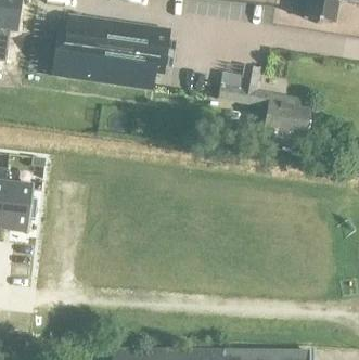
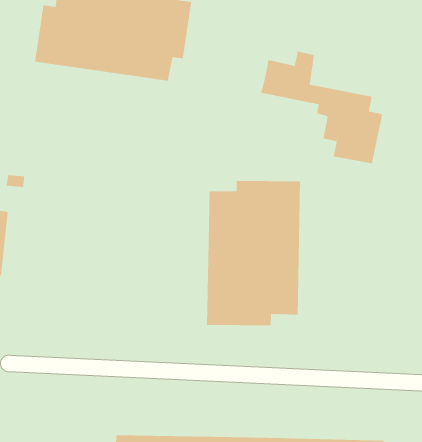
building: none -> [206,180,301,326]

